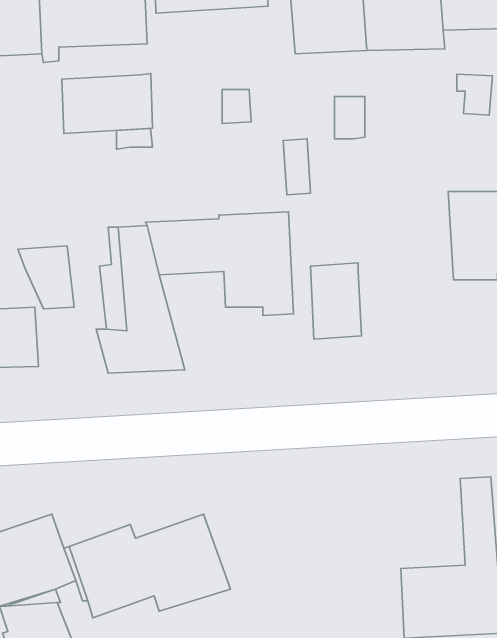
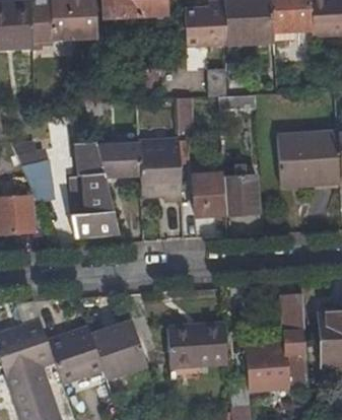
building: [62,74,153,134] -> none
building: none -> [223,173,259,214]
building: none -> [166,324,226,367]

